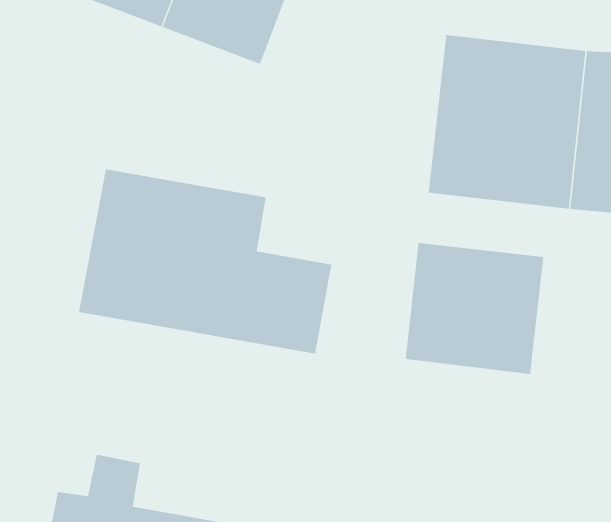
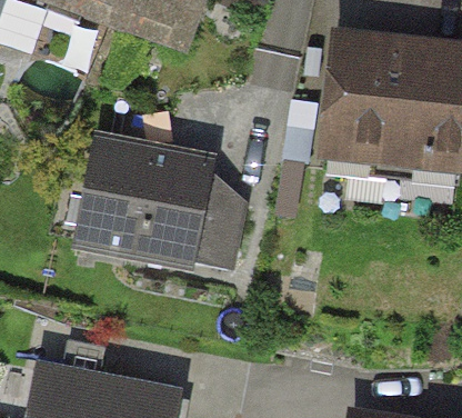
building: [405,242,544,375] -> none

